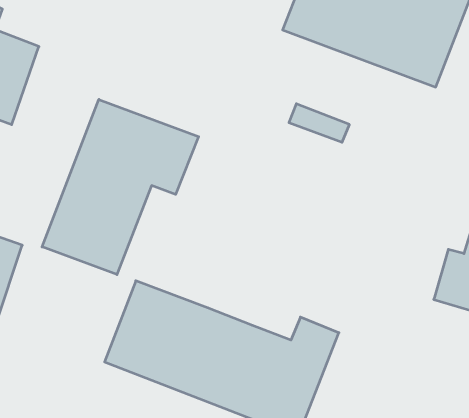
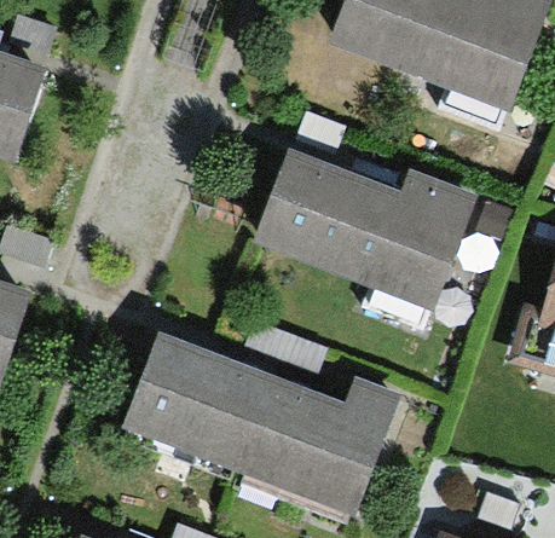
building: [42,99,199,275] -> none
building: none -> [258,152,474,307]

